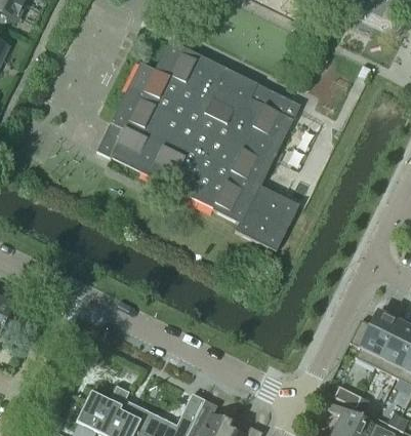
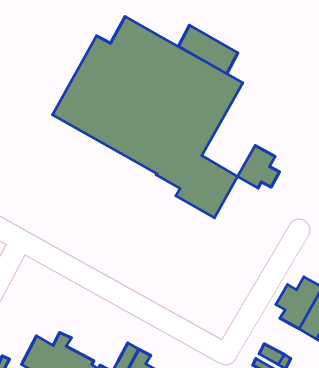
building: none -> [178,25,238,74]
building: none -> [238,145,280,188]

